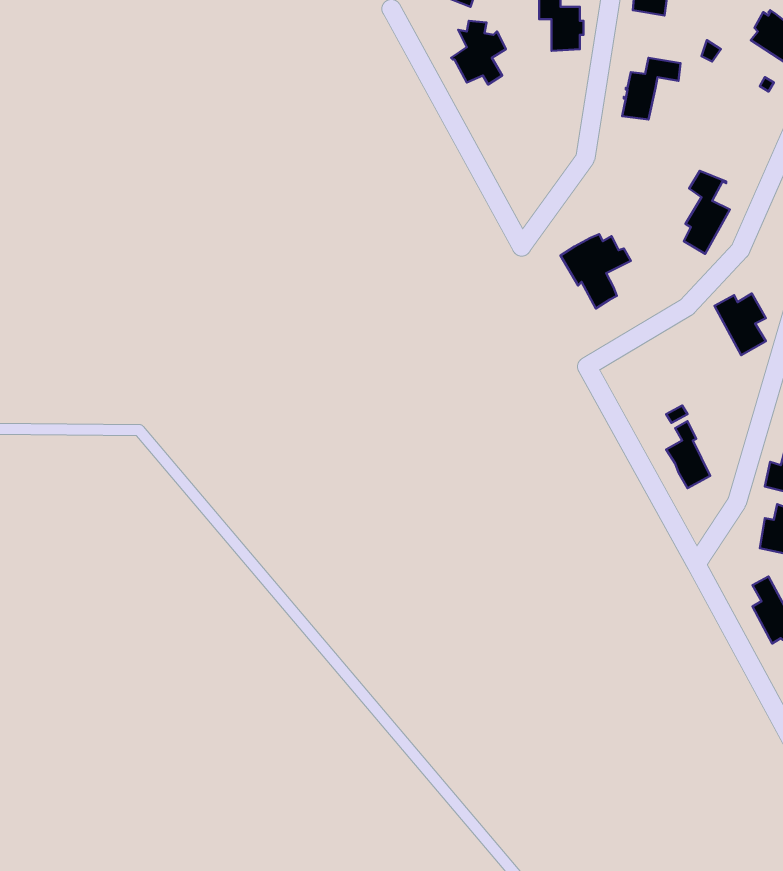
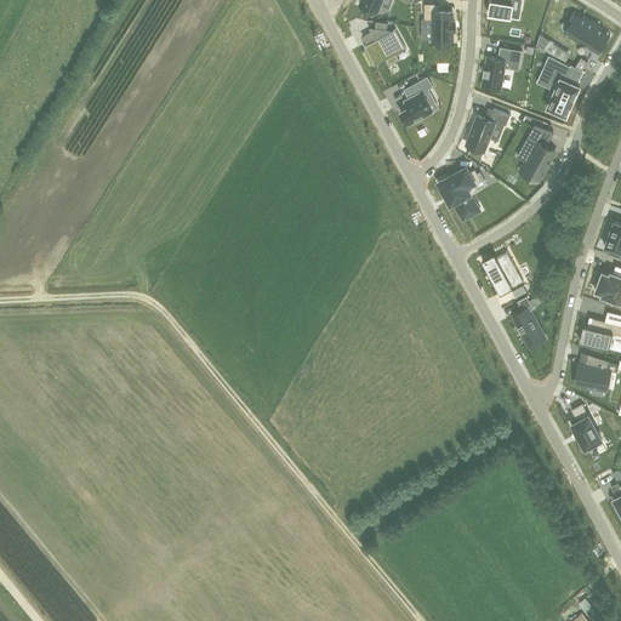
building: none -> [542,57,580,119]
building: none -> [400,79,432,126]
building: none -> [466,110,509,153]
building: [715,293,766,355] -> [482,253,517,296]

